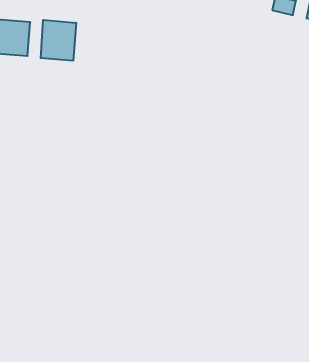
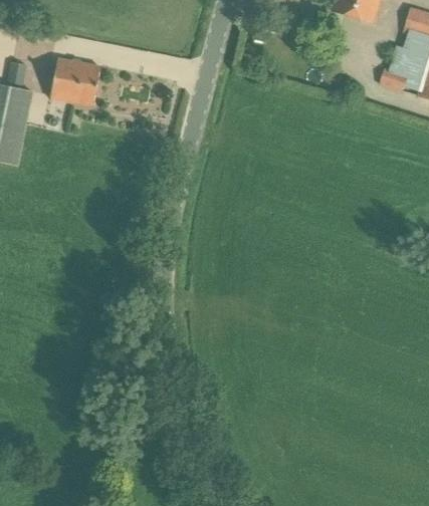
building: [41,20,76,61] -> none

